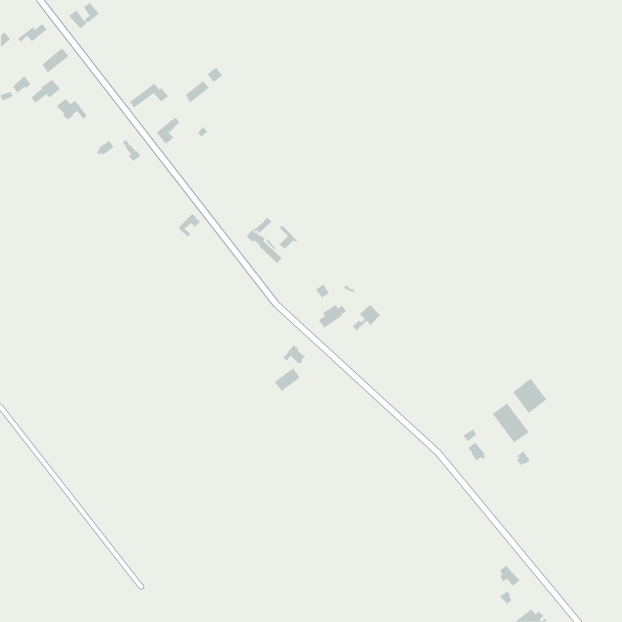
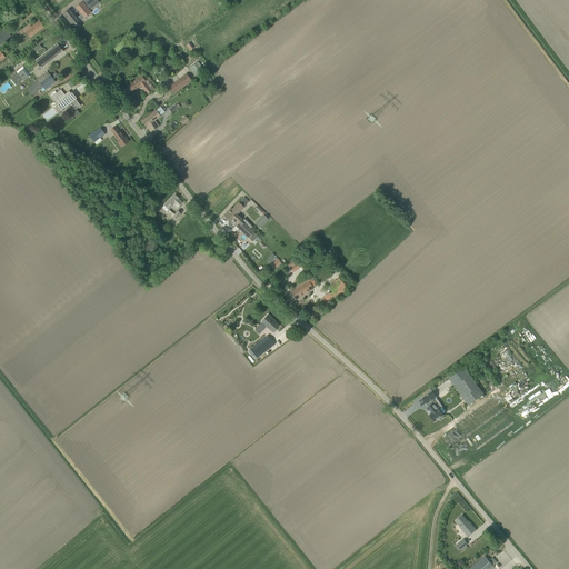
building: [512,378,547,414] -> none

